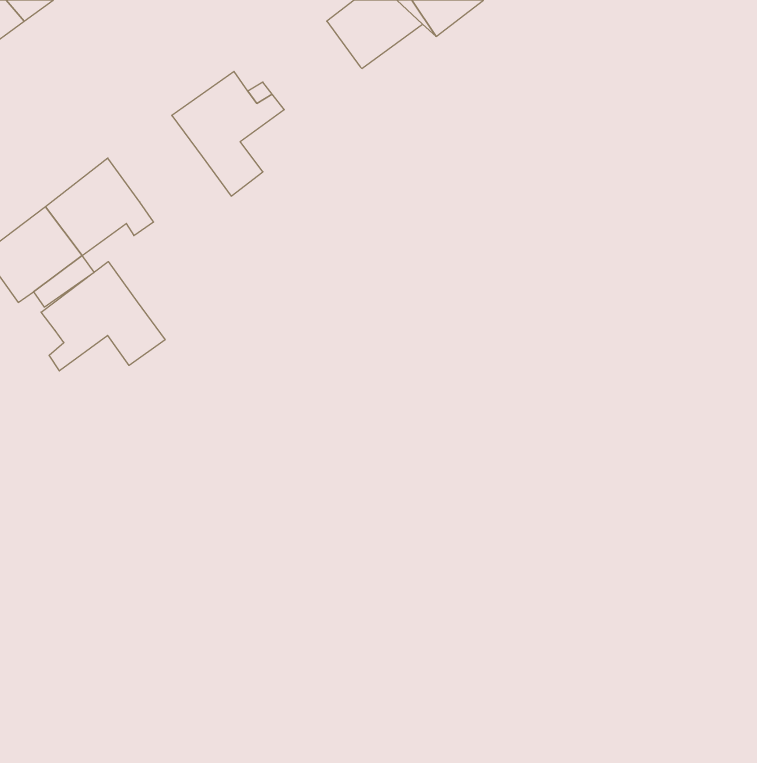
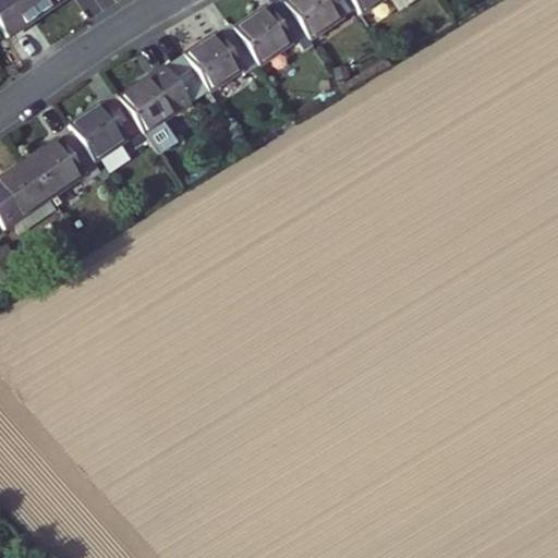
building: none -> [186,19,258,84]
building: none -> [75,88,145,155]
building: [41,262,165,371] -> none

